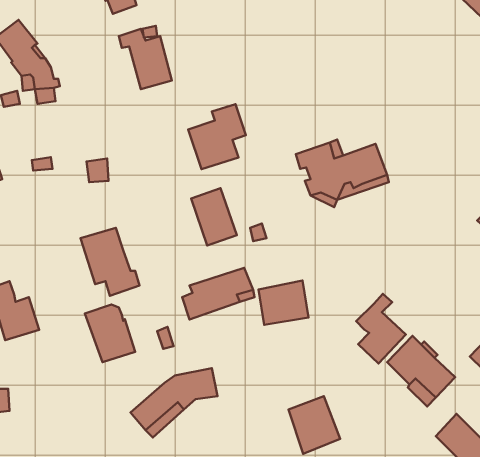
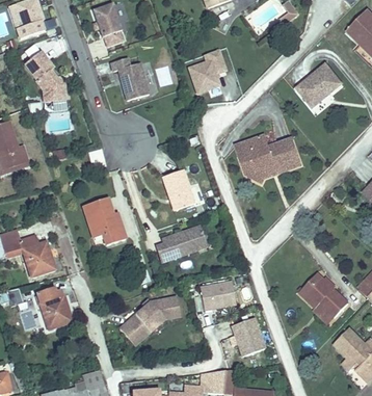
building: none -> [297,64,342,107]
building: [188,104,246,169] -> [187,48,228,94]
building: [258,281,309,325] -> [201,279,236,310]
building: [356,294,406,364] -> none
building: [85,304,135,362] -> [36,288,72,328]

